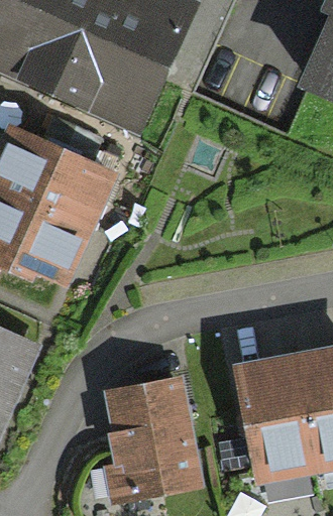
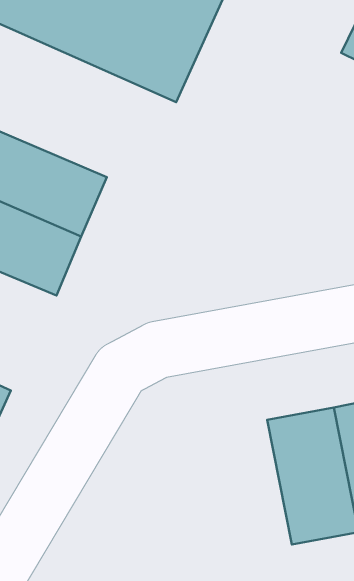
building: [110,390,193,498] -> none

